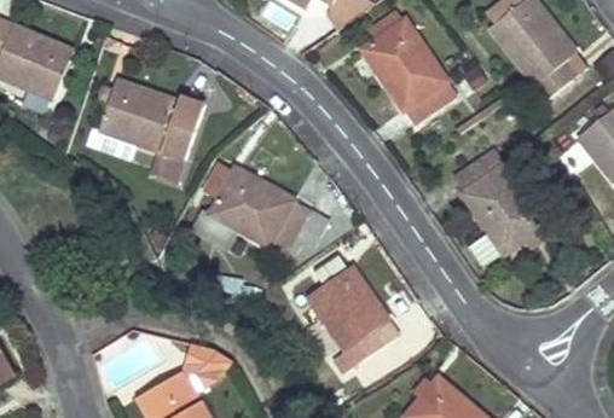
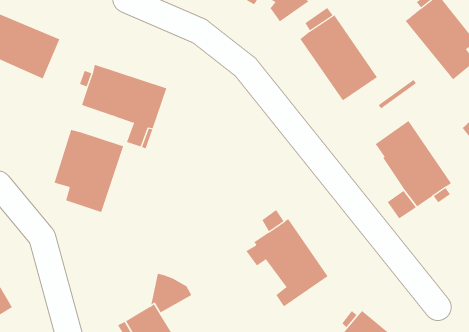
building: none -> [54,129,124,213]
building: [210,168,309,260] -> none

